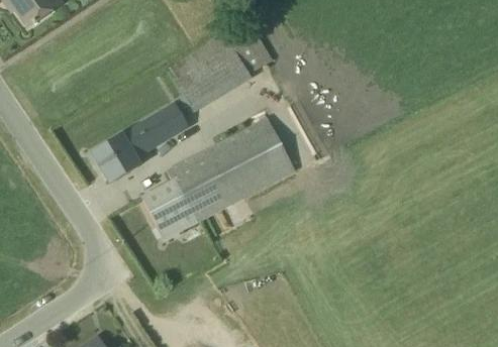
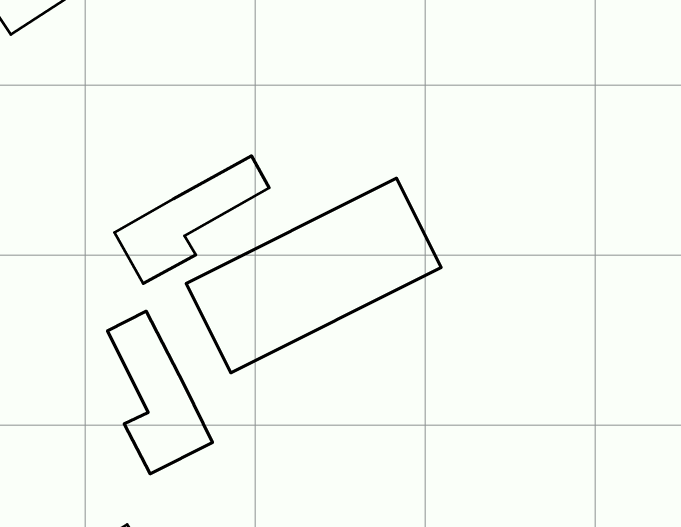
building: [167,24,272,113] -> none
building: none -> [108,311,213,474]

